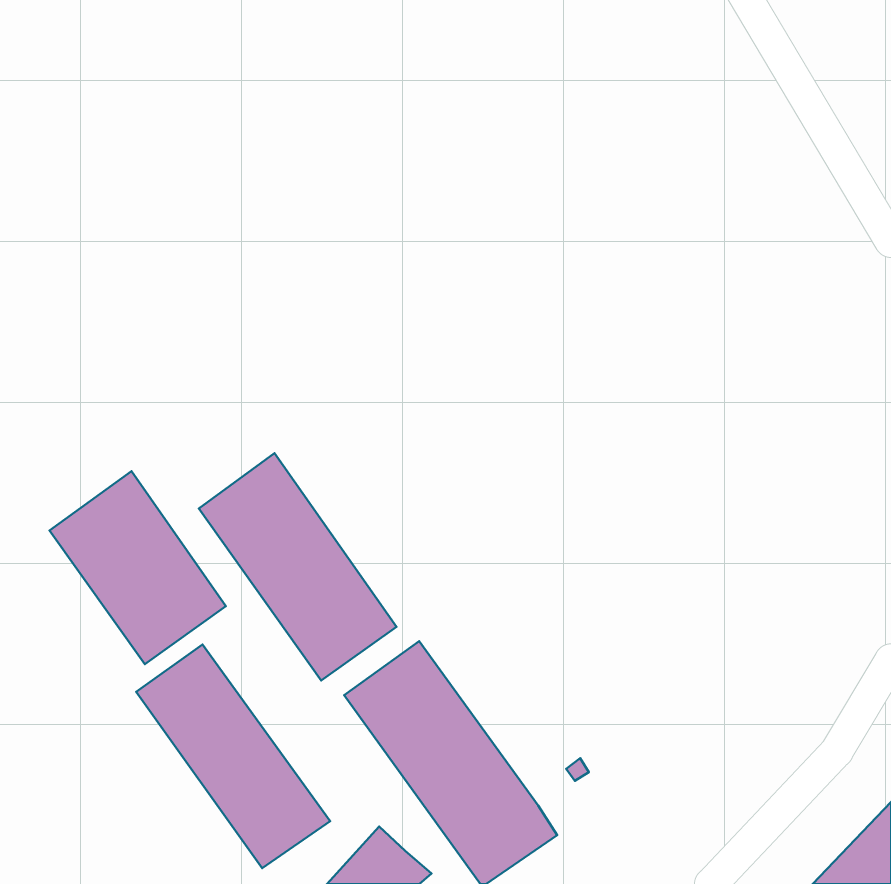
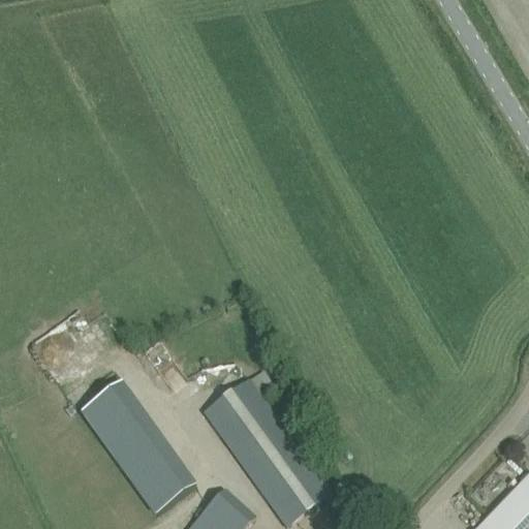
building: [199,453,396,680] -> none
building: [50,471,226,664] -> none

